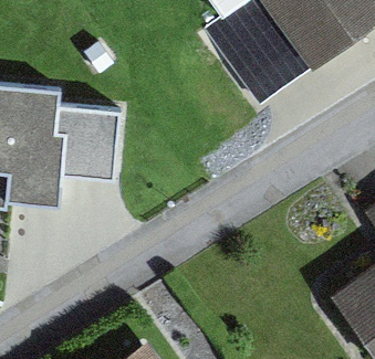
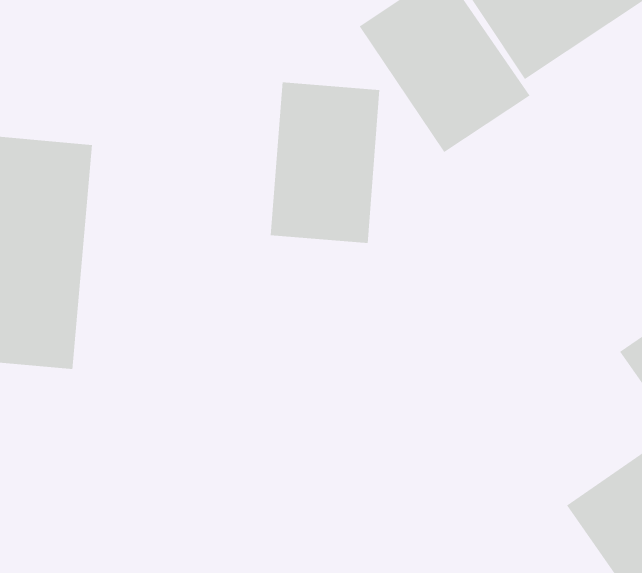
building: [56,98,118,189] -> [270,82,380,244]

